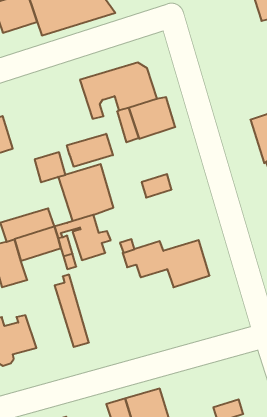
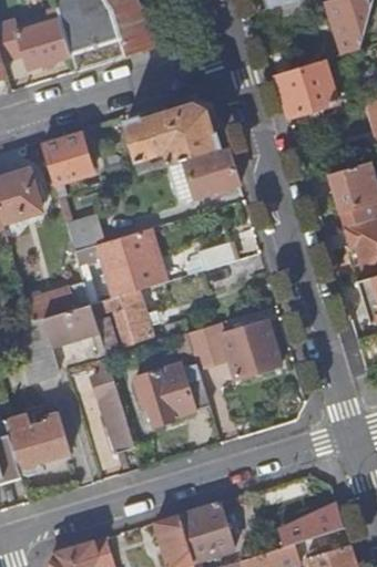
building: none -> [276,60,338,117]
building: none -> [41,133,91,183]
building: [67,134,113,167] -> none
building: none -> [134,363,207,425]

